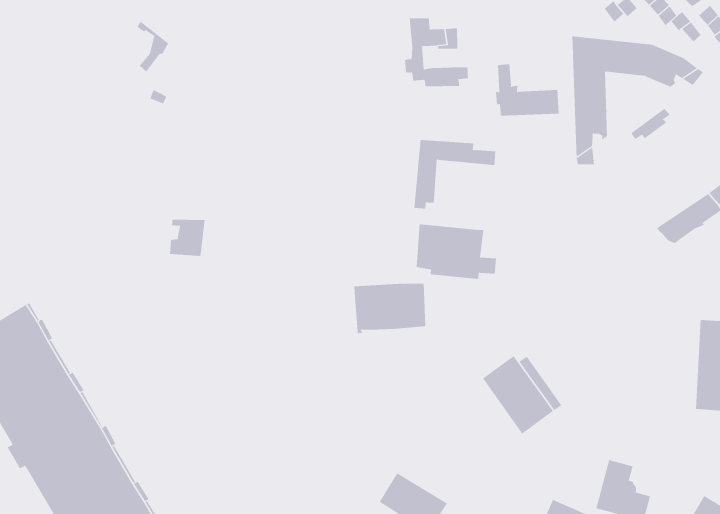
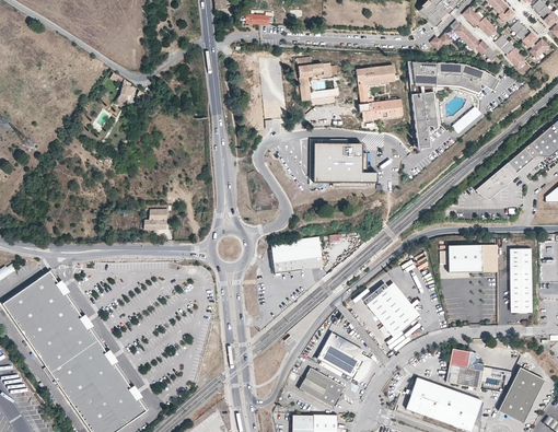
building: none -> [357,63,400,85]
building: [416,224,497,280] -> [323,153,377,188]
building: none -> [447,245,497,273]
building: none -> [317,331,372,378]

